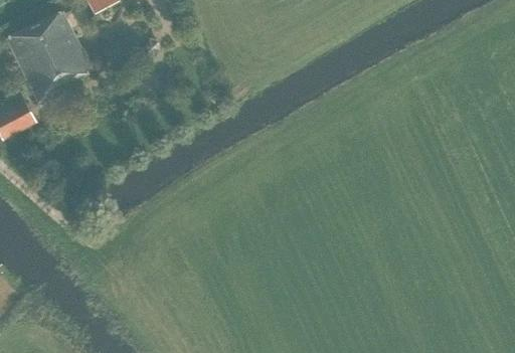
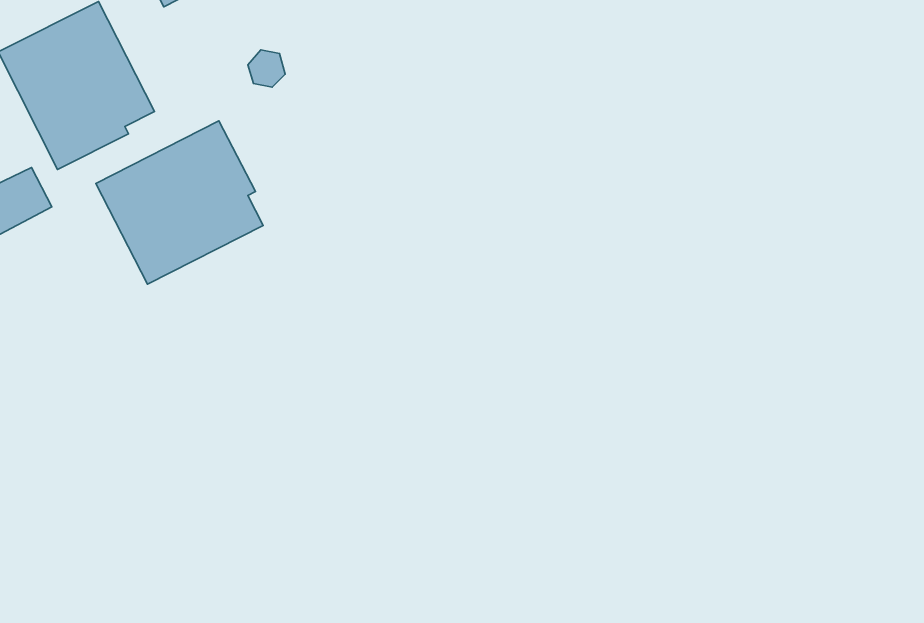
building: none -> [96,121,263,284]

